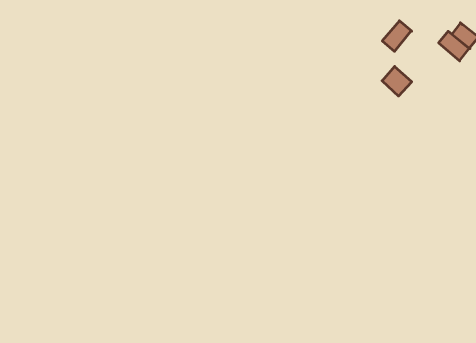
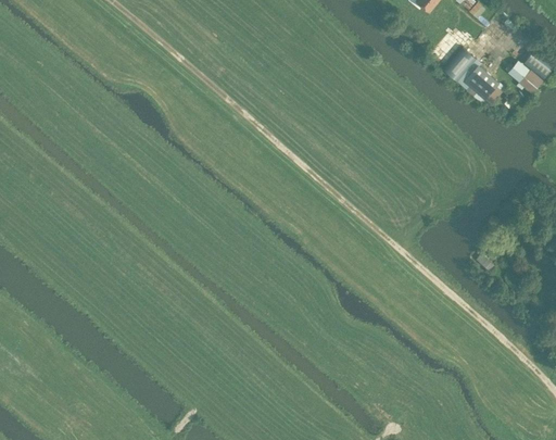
building: [382,66,412,96] -> [464,66,497,100]

